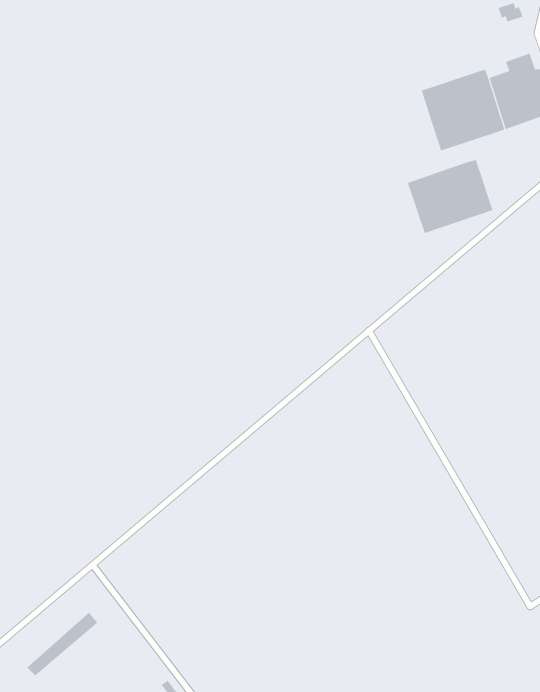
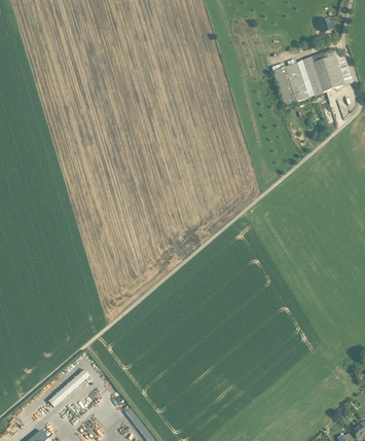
building: [407,159,493,234] -> none

